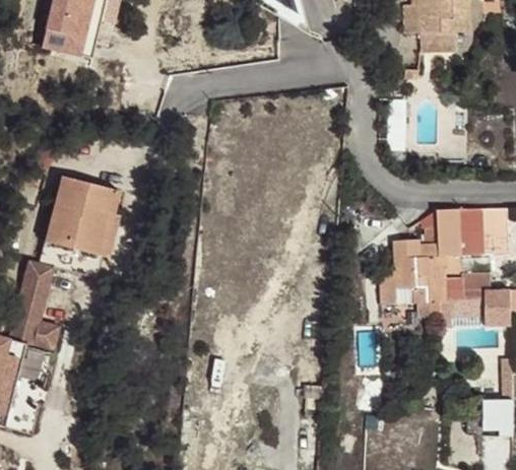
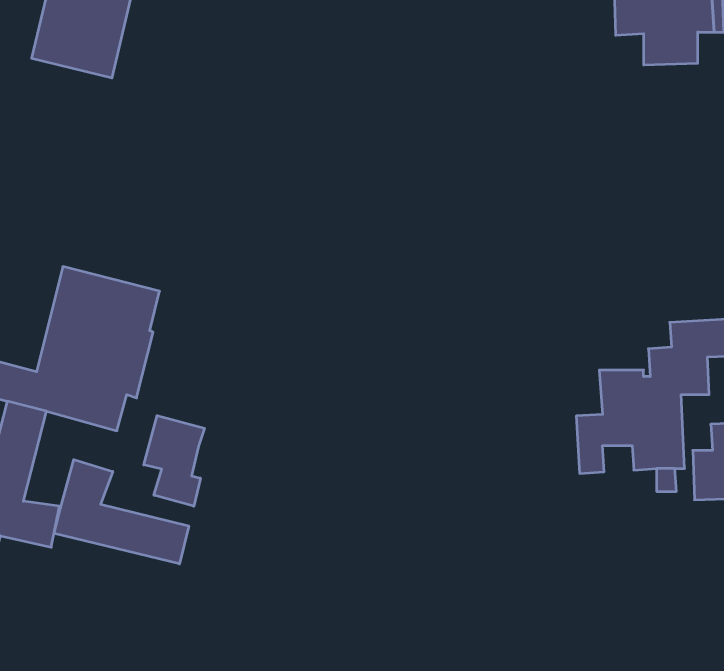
building: none -> [144,416,204,506]
building: none -> [54,460,189,564]

